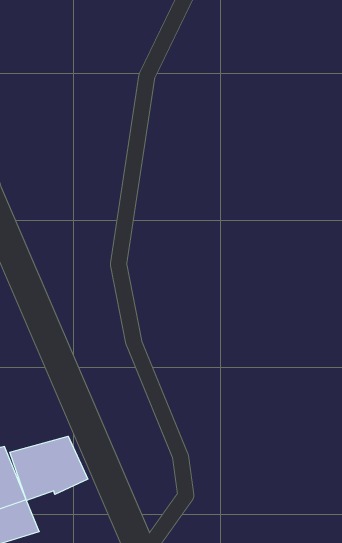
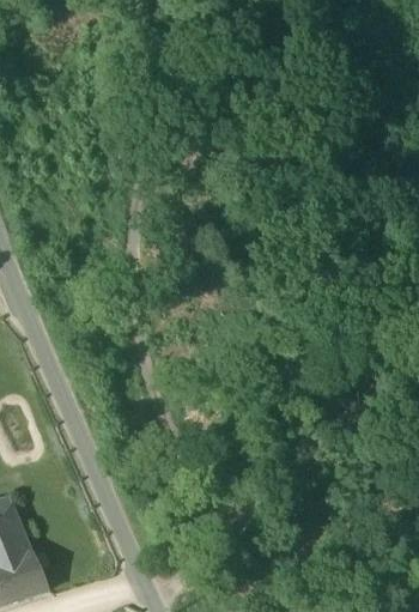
building: [10,436,88,501] -> none

